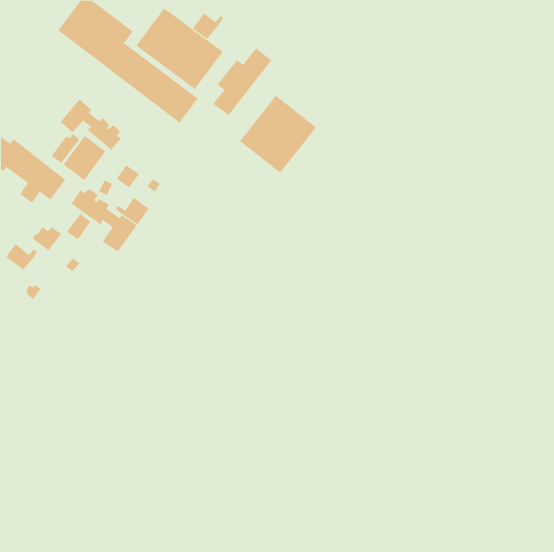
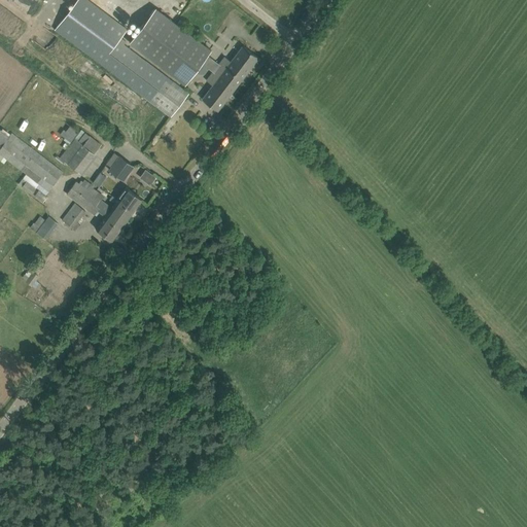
building: [192,12,224,40] -> none
building: [239,95,317,174] -> none
building: [60,99,121,151] -> none
building: [5,243,38,270] -> none

